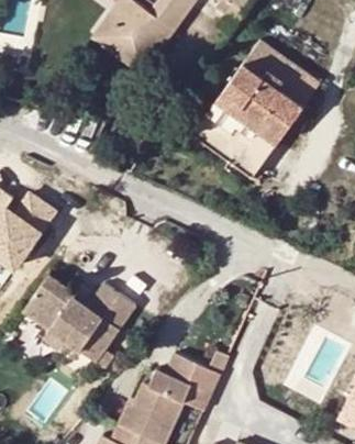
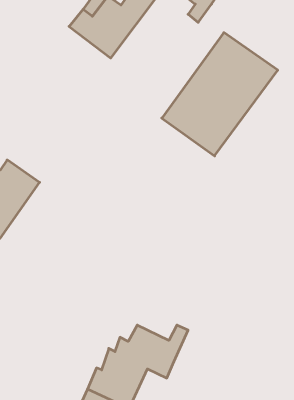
building: [27,275,137,363] -> none

